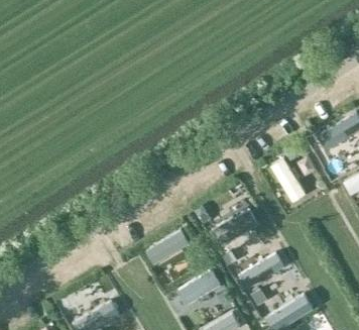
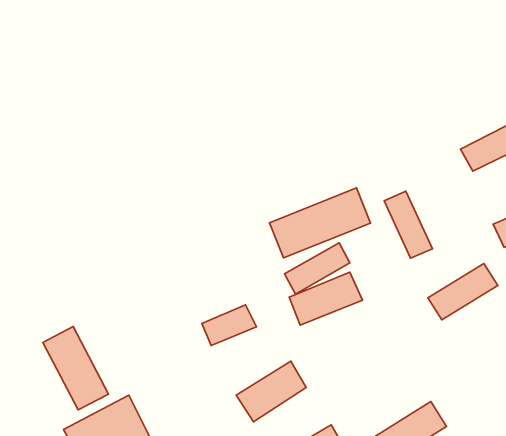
building: none -> [269,188,371,258]
building: none -> [43,327,108,410]
building: [236,255,281,292] -> [428,264,498,320]

